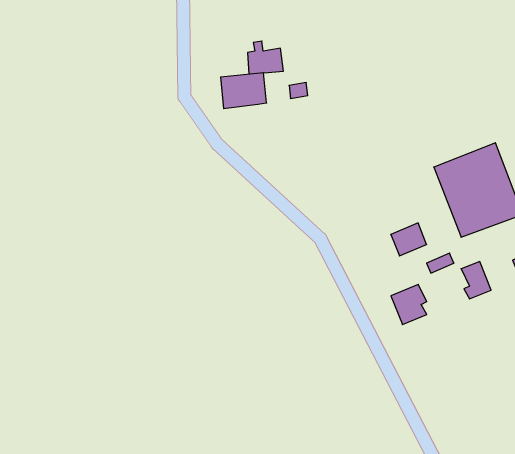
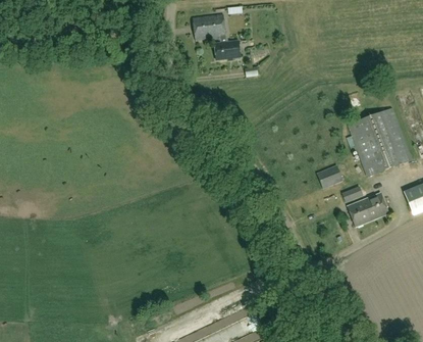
building: [221,73,267,109] -> [193,14,225,40]
building: [391,284,427,325] -> [348,198,373,227]

